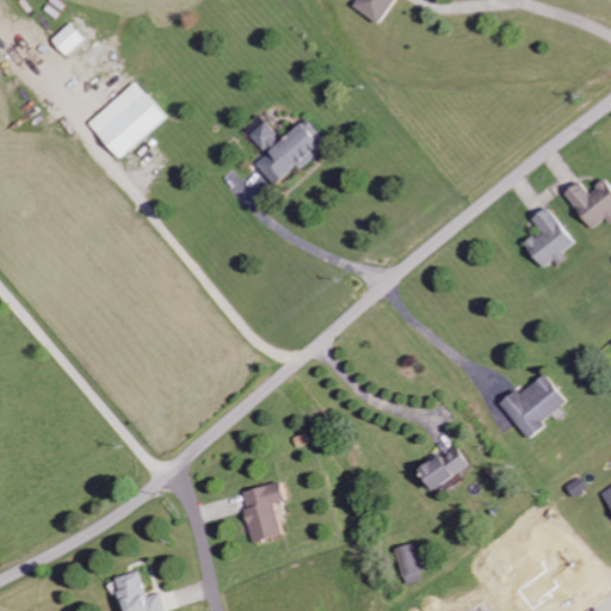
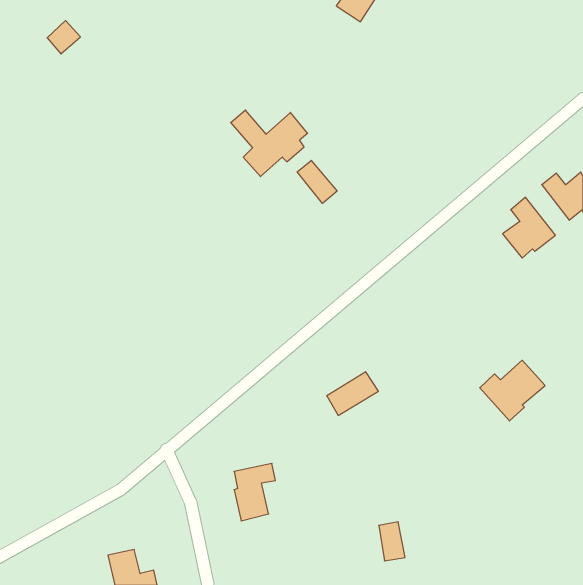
building: [85,81,165,160] -> none
building: none -> [297,160,337,203]
building: [414,445,468,490] -> [327,372,378,415]

